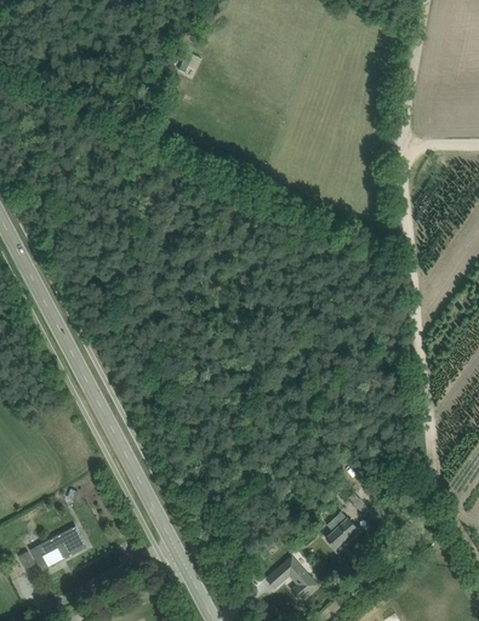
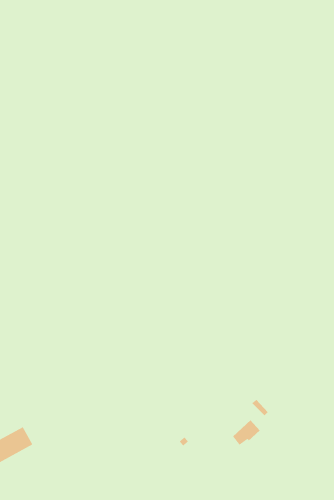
building: [266,557,315,599] -> none

